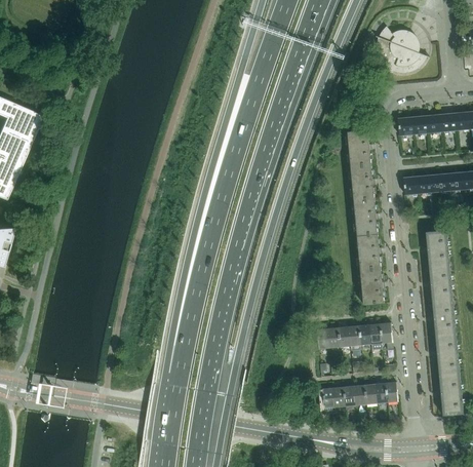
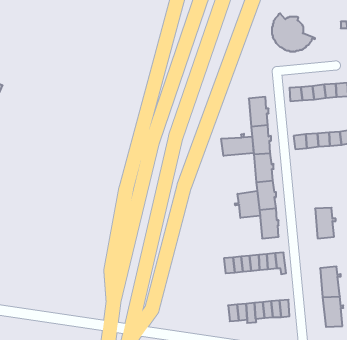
building: none -> [221,134,253,156]
building: [426,230,452,268] -> none
building: none -> [235,191,260,218]
building: [433,303,459,342] -> none

